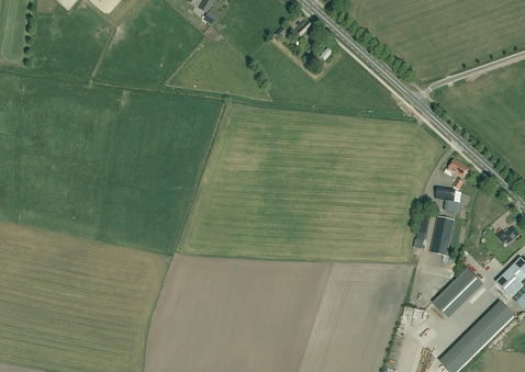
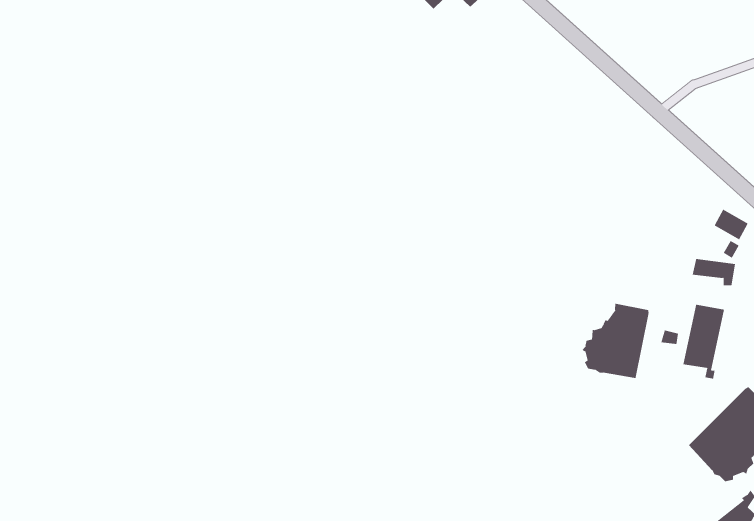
building: none -> [582,303,649,379]

